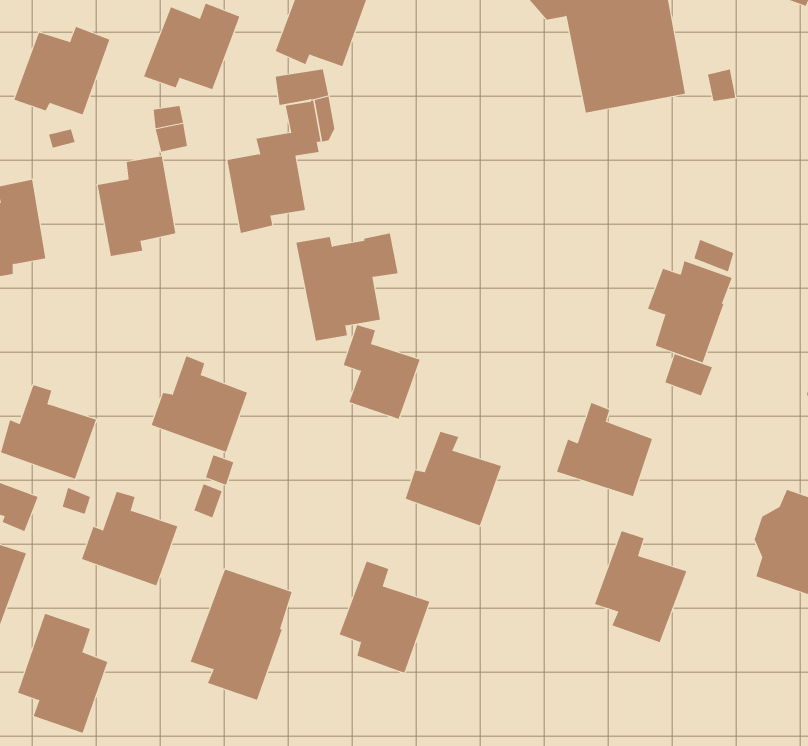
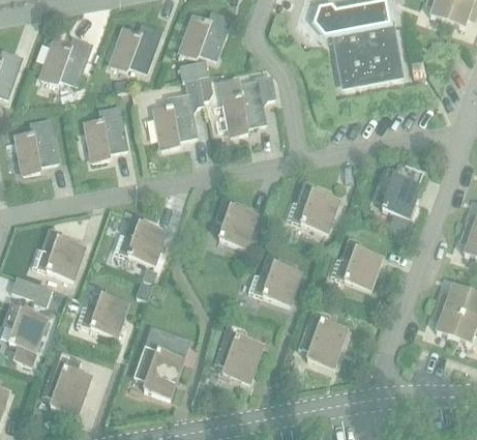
building: [296,233,398,341] -> [220,77,275,135]
building: none -> [287,181,338,232]
building: [594,531,687,643] -> [298,307,348,368]

